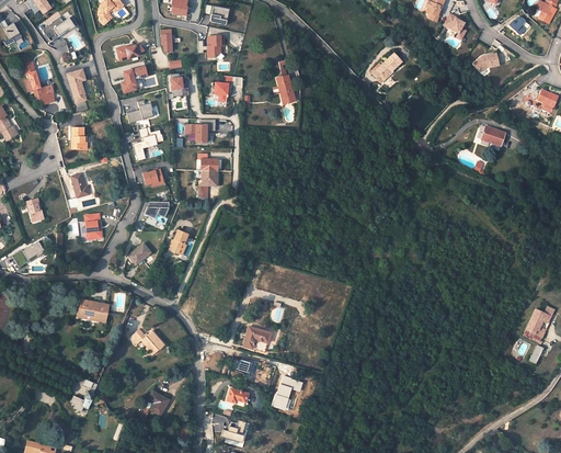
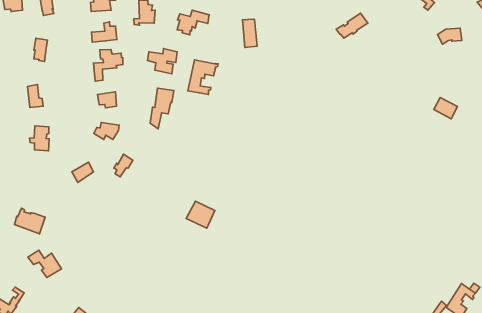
building: none -> [188,60,218,95]
building: [242,327,270,352] -> [186,201,215,228]
building: [129,329,164,355] -> [28,250,61,278]

